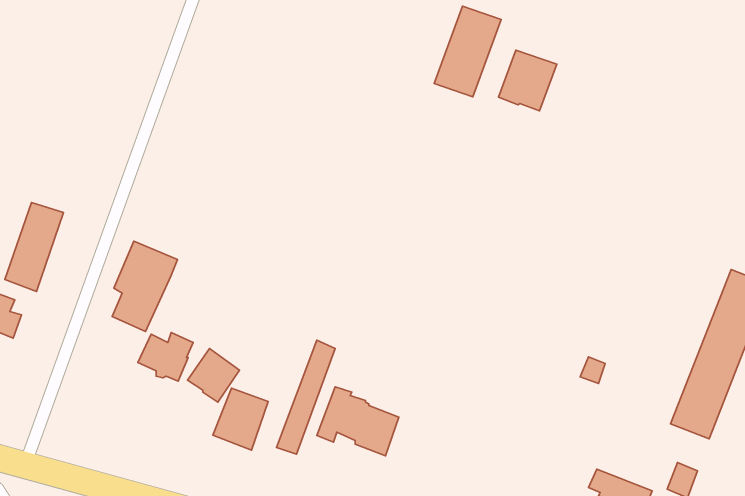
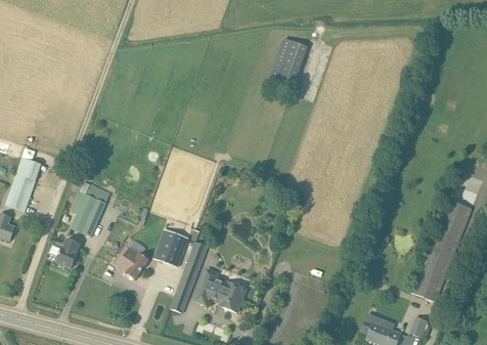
building: [499,50,557,111] -> none
building: [138,332,193,381] -> [46,239,80,268]
building: [213,388,268,450] -> [154,229,188,267]

